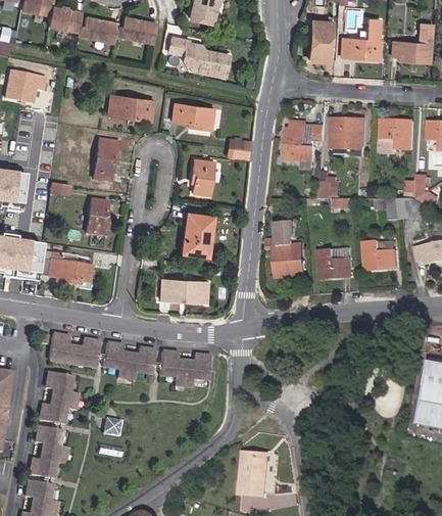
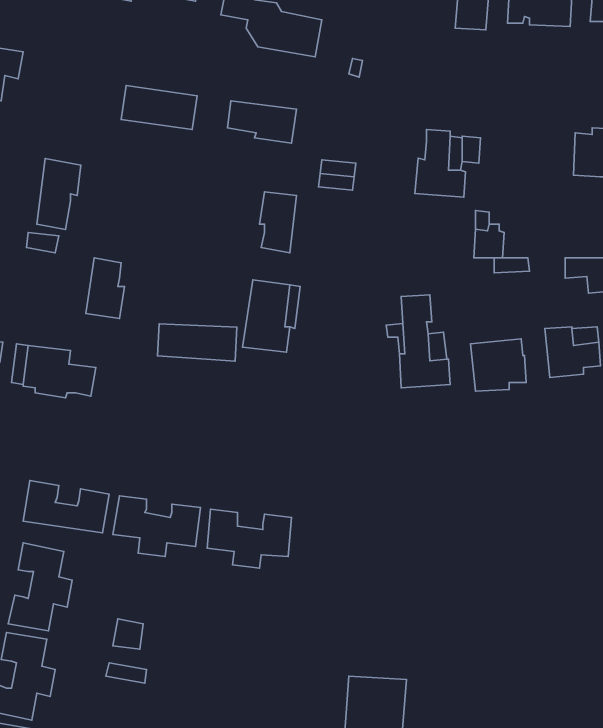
building: [333,119,364,155] -> none
building: [93,138,119,181] -> [37,159,81,229]
building: [159,279,207,301] -> [158,324,237,361]

